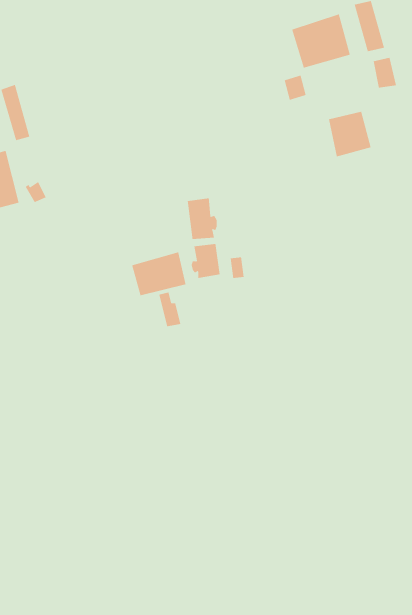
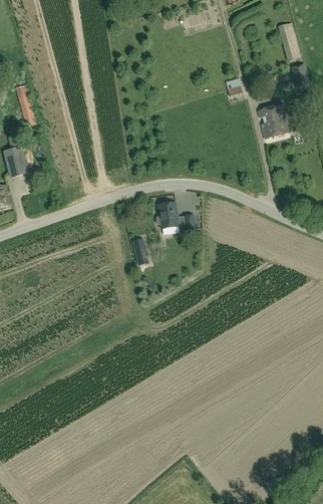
building: [291,14,350,69] -> none
building: [187,197,217,240] -> none
building: [131,252,186,296] -> none

